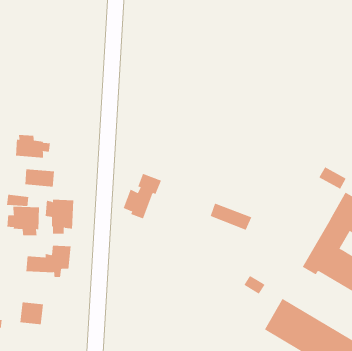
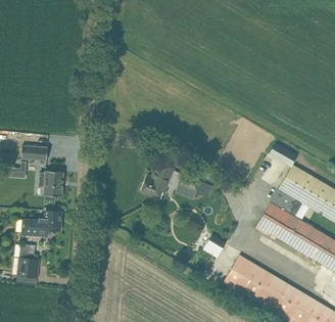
building: [15,134,50,159] -> none
building: [123,173,162,219] -> [142,163,175,201]
building: [7,206,39,236] -> none

